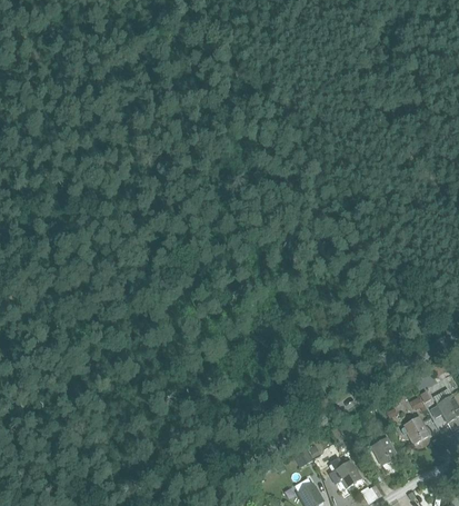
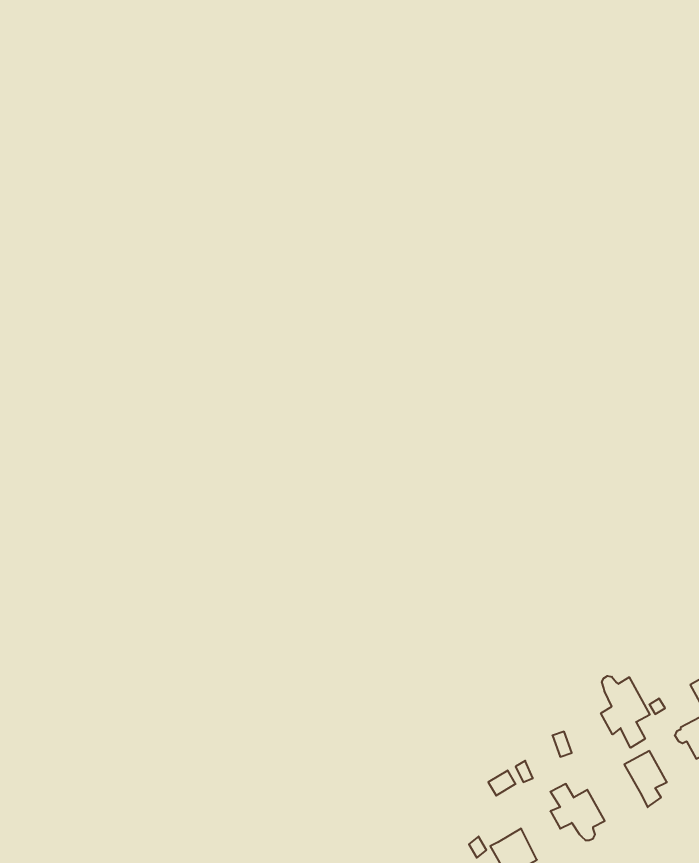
building: none -> [601,676,650,748]

